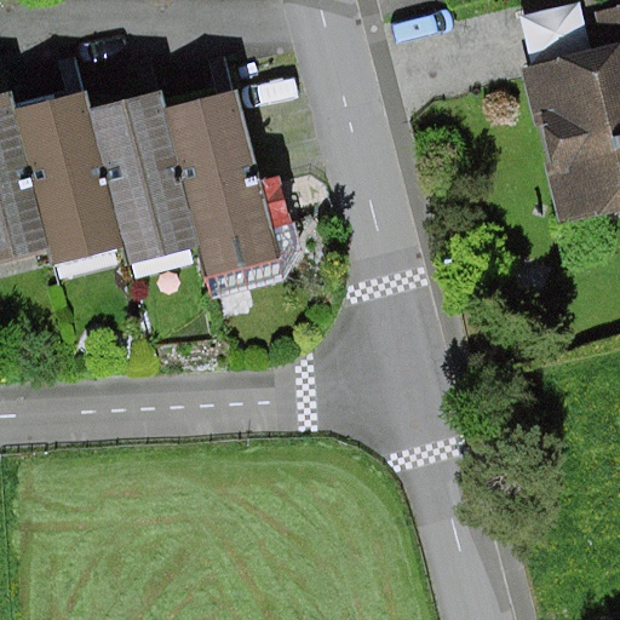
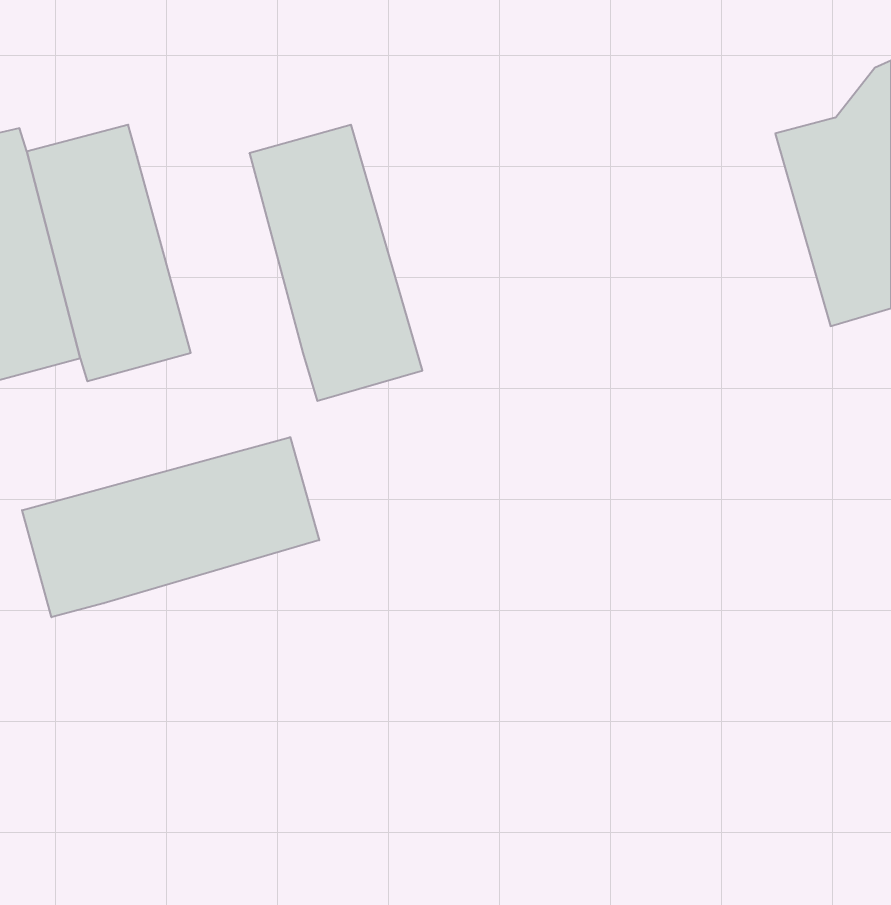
building: [93,91,206,263] -> none
building: none -> [22,437,319,617]

